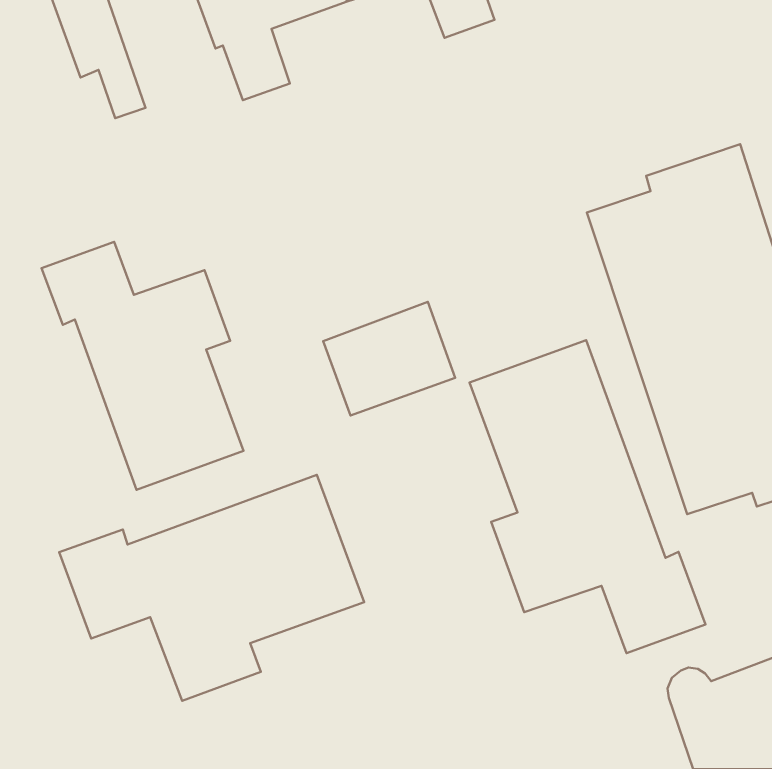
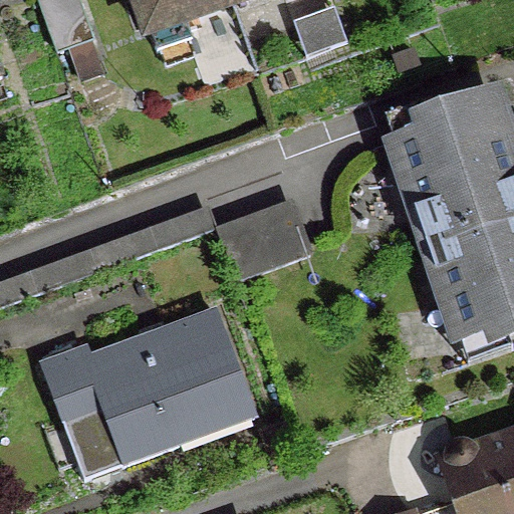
building: [42,242,244,490] -> none
building: [470,340,706,653] -> none

